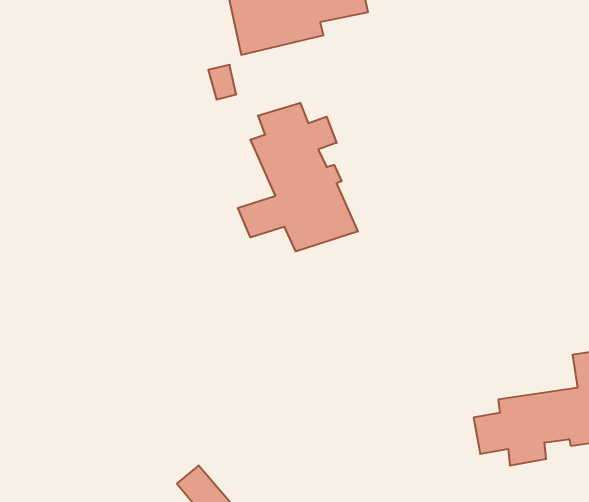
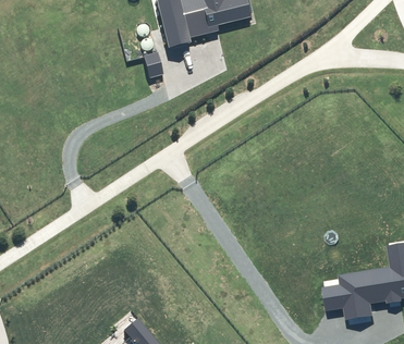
building: [238,103,358,251] -> none

